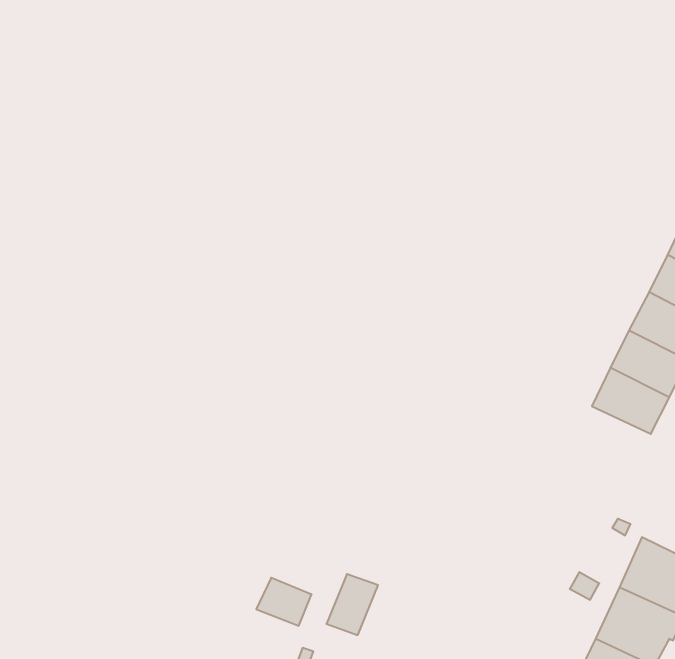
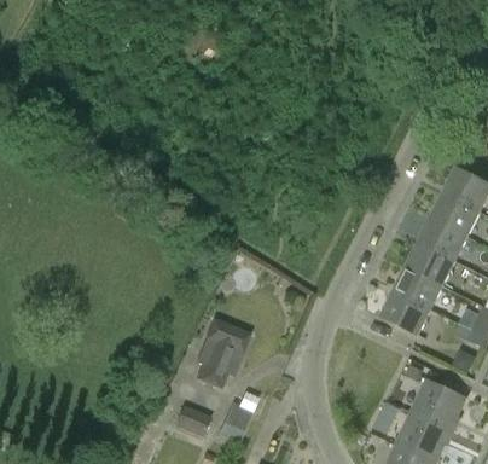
building: none -> [380,291,431,335]
building: none -> [196,319,248,387]

